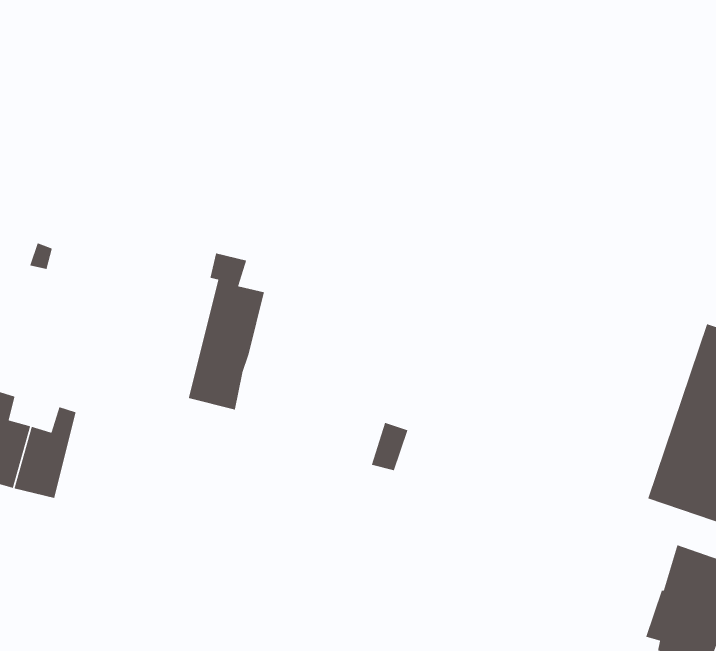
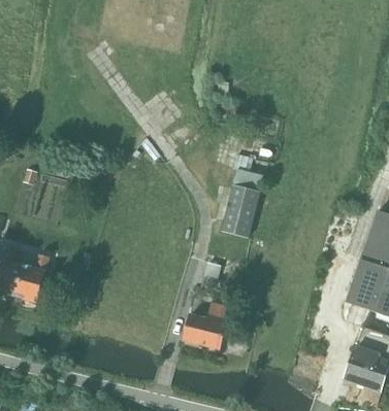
building: [188,252,265,410] -> [223,155,263,237]
building: none -> [183,302,227,349]

